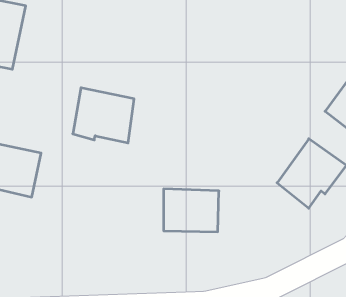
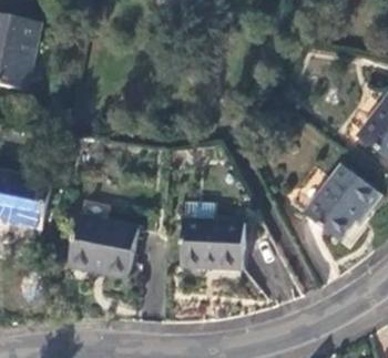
building: [73,88,134,143] -> [70,215,136,275]

